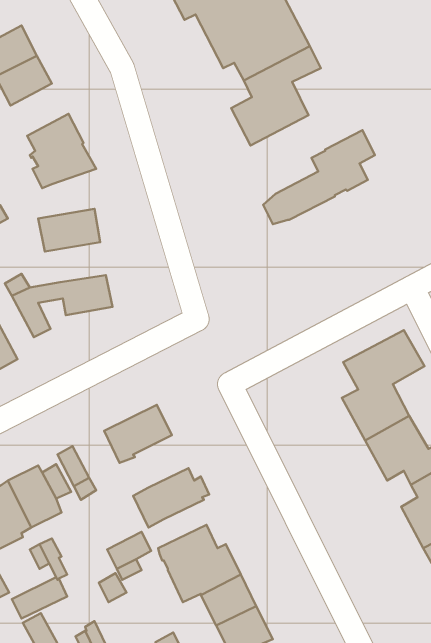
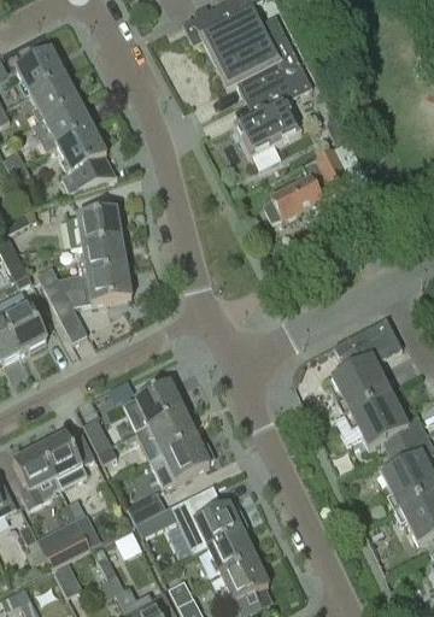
building: none -> [41,99,92,145]
building: none -> [71,237,124,272]
building: none -> [148,406,197,452]

